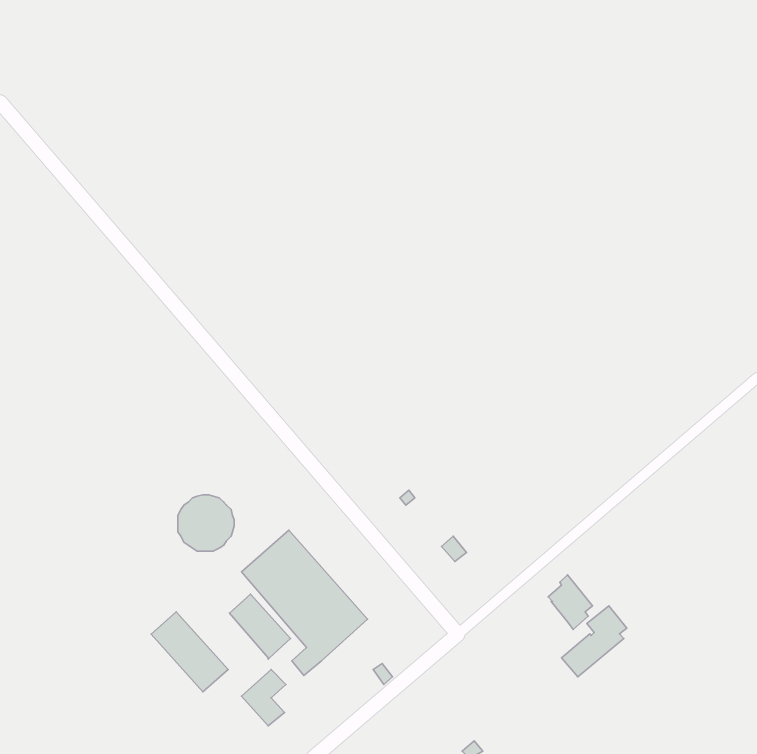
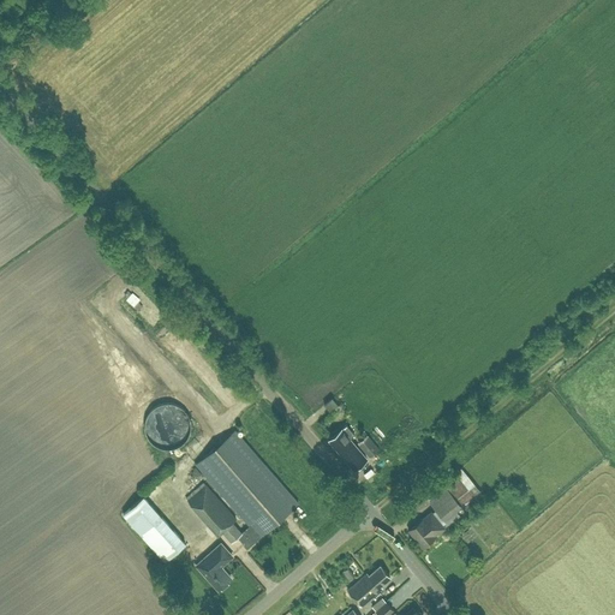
building: none -> [329,426,366,471]
building: [562,606,627,677] -> [408,490,461,548]
building: none -> [347,567,389,608]

